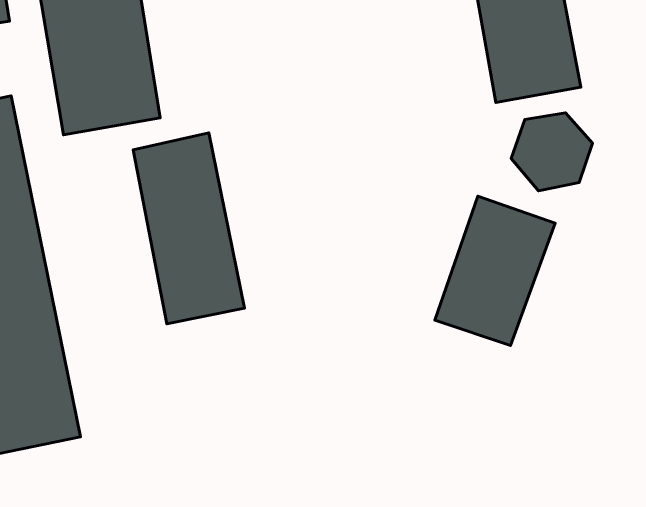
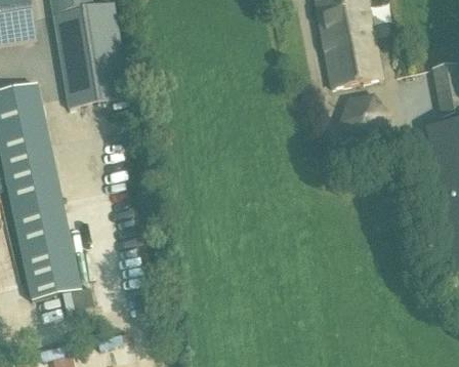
building: [133,133,245,324] -> none
building: [435,196,555,345] -> none

